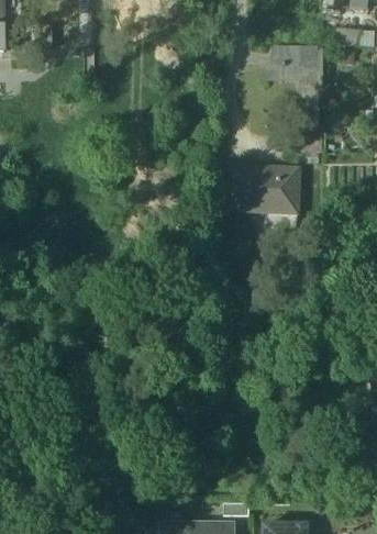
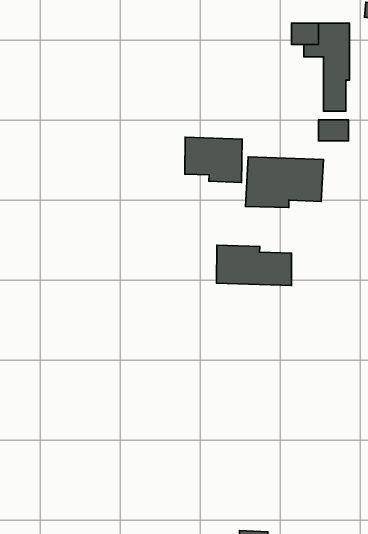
building: none -> [185,137,242,183]
building: none -> [216,245,291,286]

